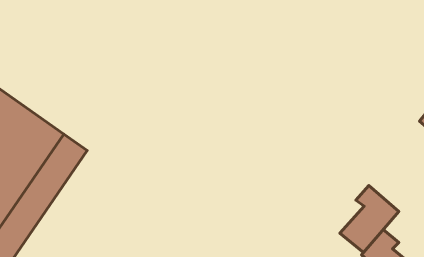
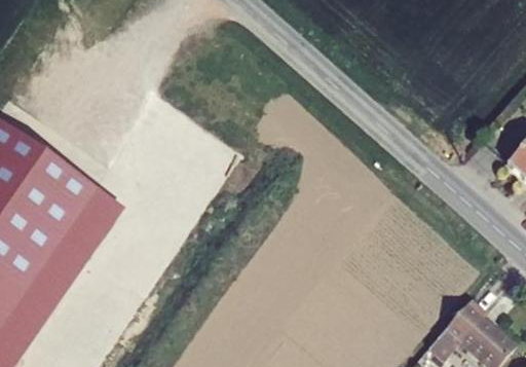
building: [340,186,399,253] -> none

